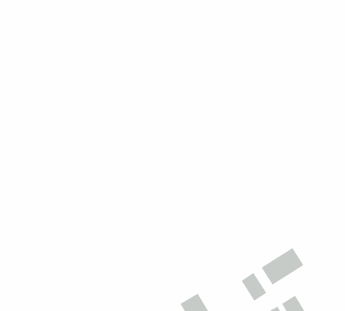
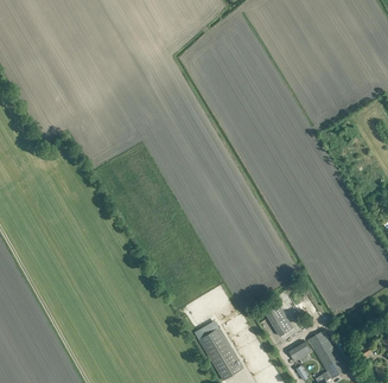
building: [261,247,304,285] -> none

